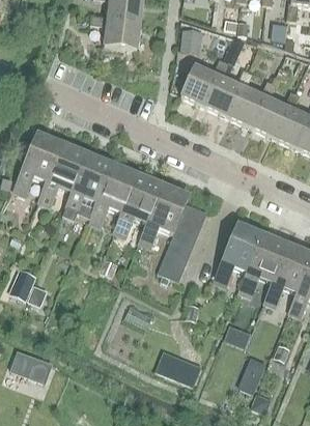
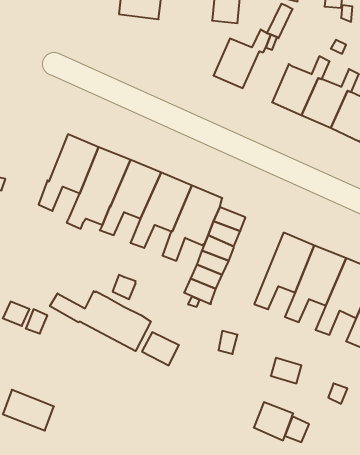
building: [205,68,252,116] -> none
building: [15,132,63,194] -> none
building: none -> [50,291,151,351]
building: [170,356,202,387] -> [254,402,293,440]

